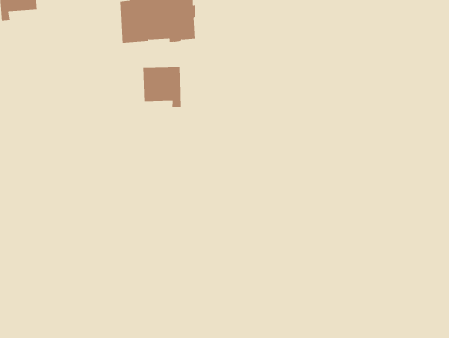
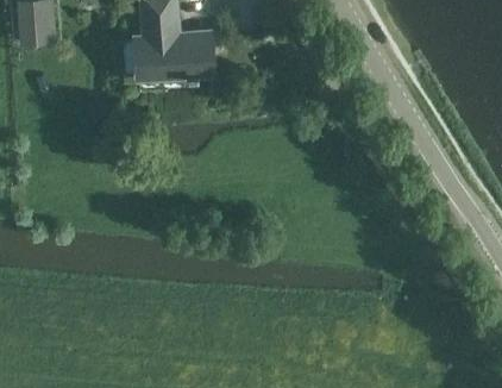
building: [143,66,181,108] -> none

